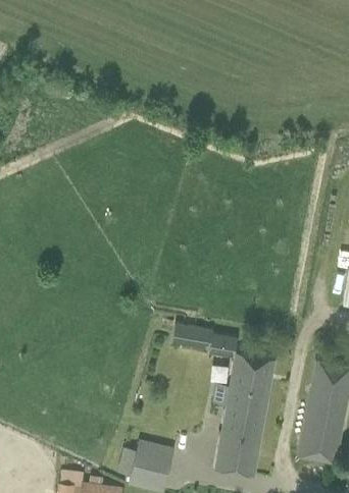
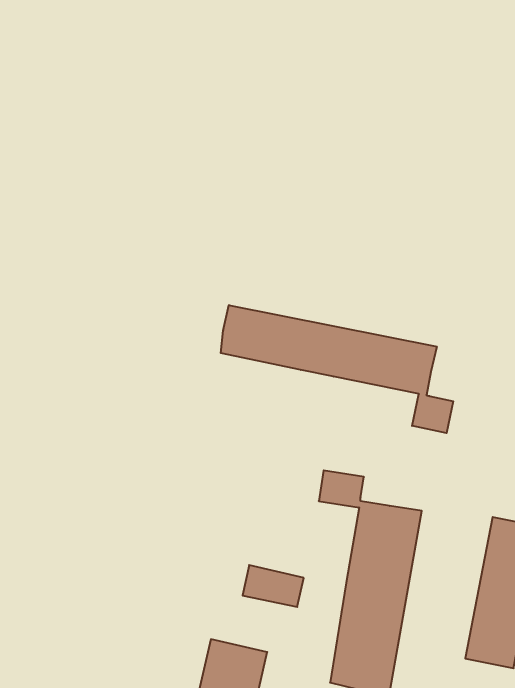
building: none -> [221,305,453,433]
building: [171,323,210,349] -> [243,565,304,607]

